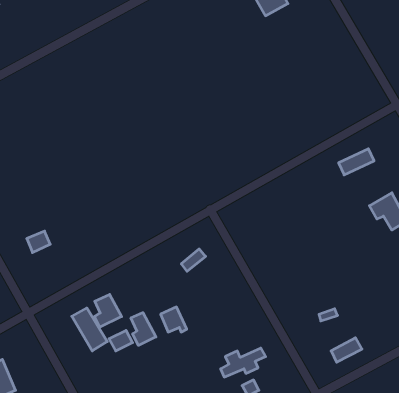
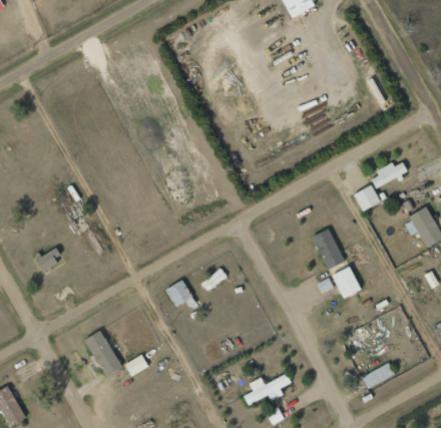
building: none -> [354,184,381,211]
building: none -> [313,228,359,299]
building: [95,294,122,327] -> none
building: [161,307,187,332] -> [166,280,194,307]
building: [131,313,156,345] -> none

